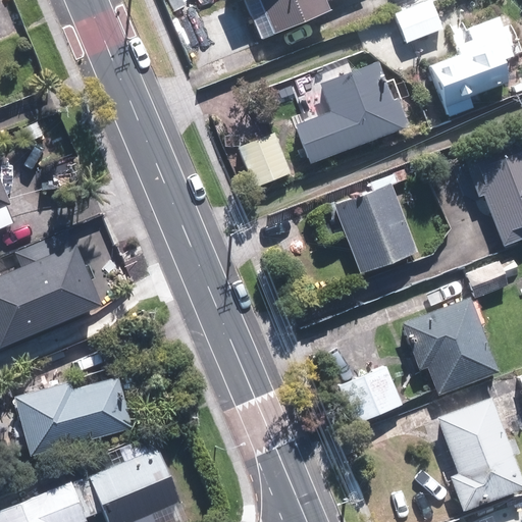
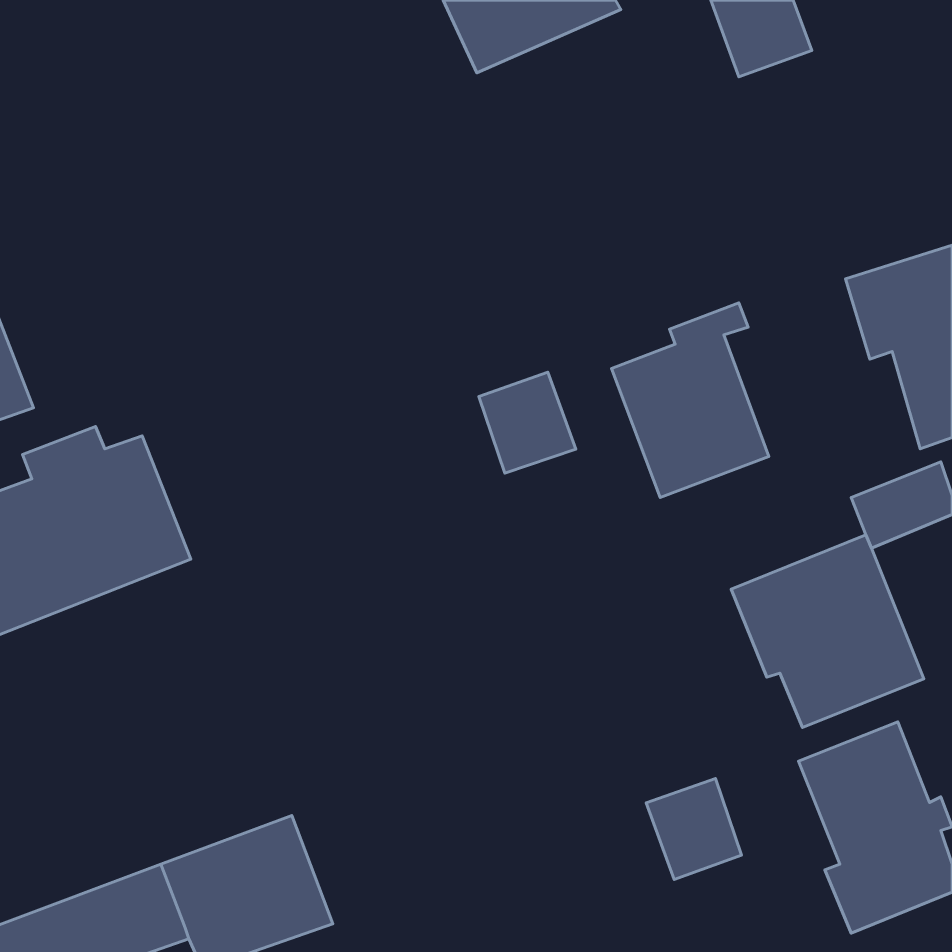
building: [428,20,512,119] -> none
building: [295,53,413,165] -> none
building: [239,130,292,186] -> [479,372,576,473]
building: [350,366,402,421] -> [646,779,742,880]
building: [15,377,133,456] -> none

